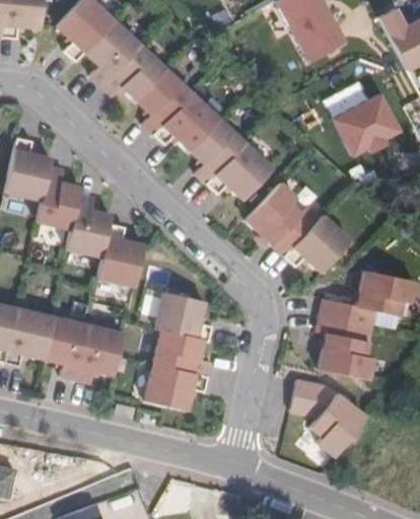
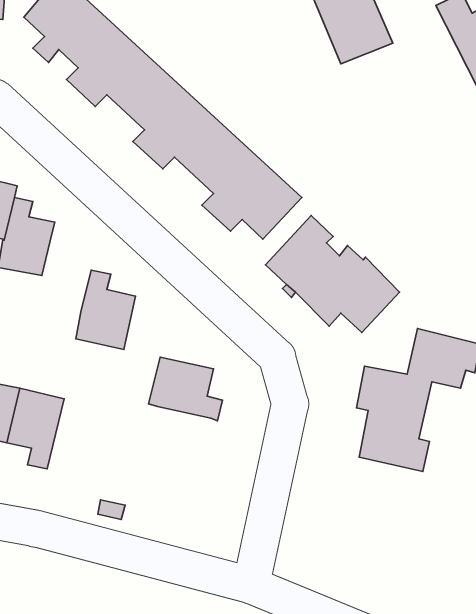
building: [324,82,405,161] -> none
building: [67,195,113,256] -> none
building: [76,324,124,382] -> none
building: [145,330,212,411] -> none
building: [291,380,367,457] -> none

